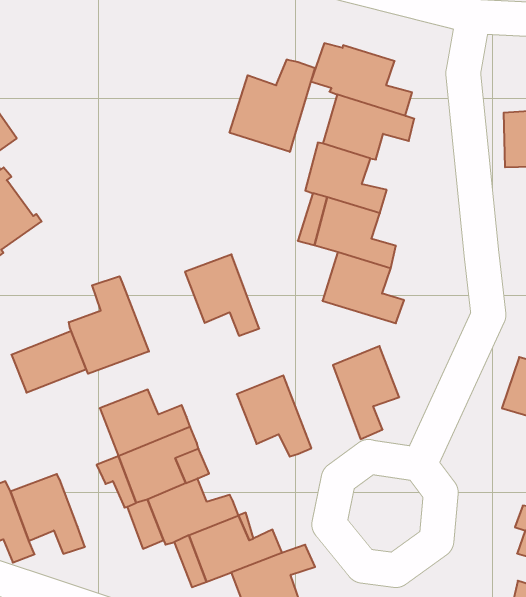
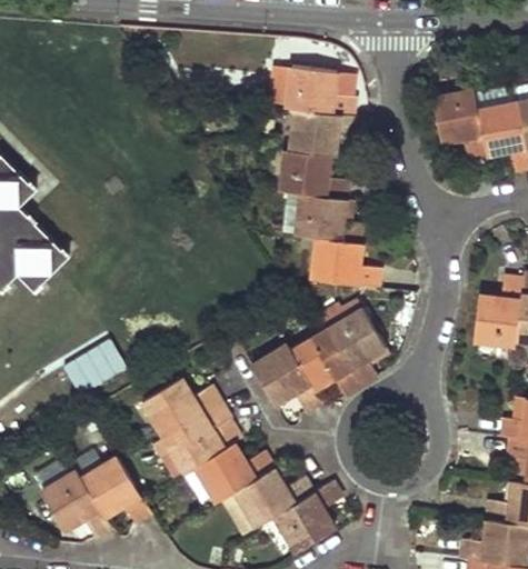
building: [230,59,315,152] -> none
building: [185,254,259,336] -> [292,330,361,396]
building: [69,276,149,374] -> none

